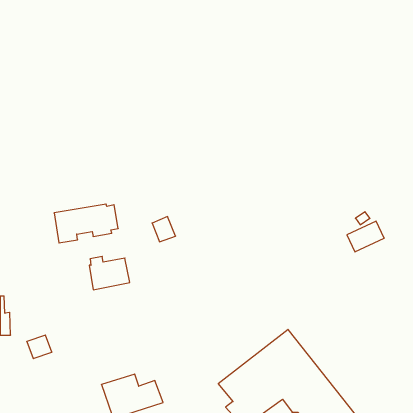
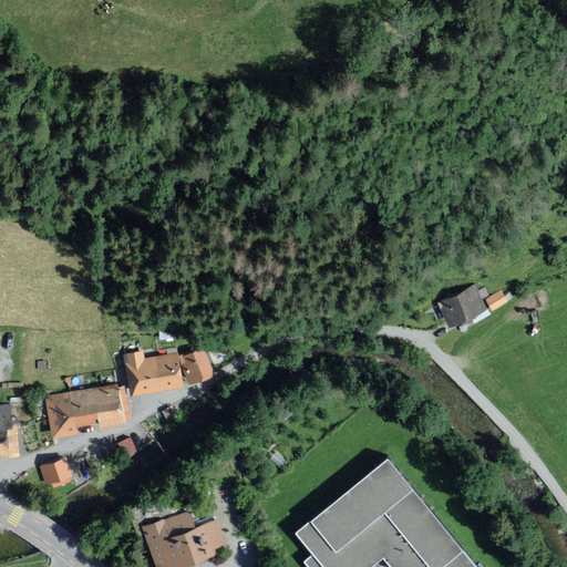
building: [54,204,118,243] -> [42,386,130,440]
building: [152,217,176,242] -> [179,349,212,383]
building: [347,221,384,252] -> [435,286,486,328]

